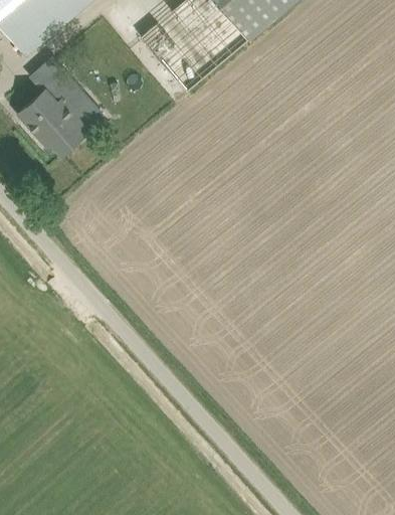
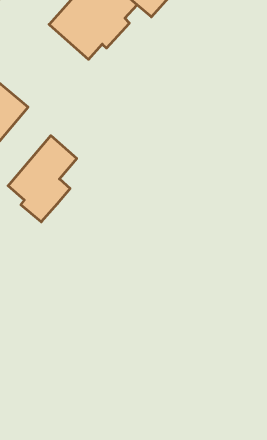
building: none -> [8,136,77,222]

